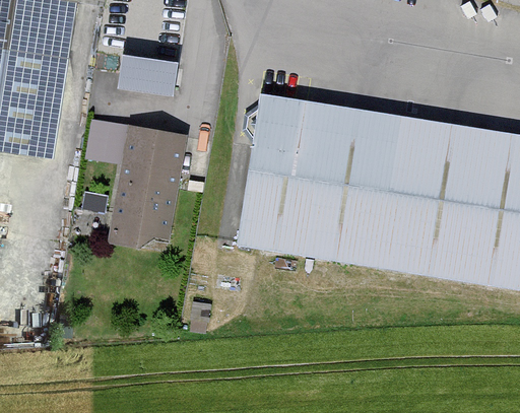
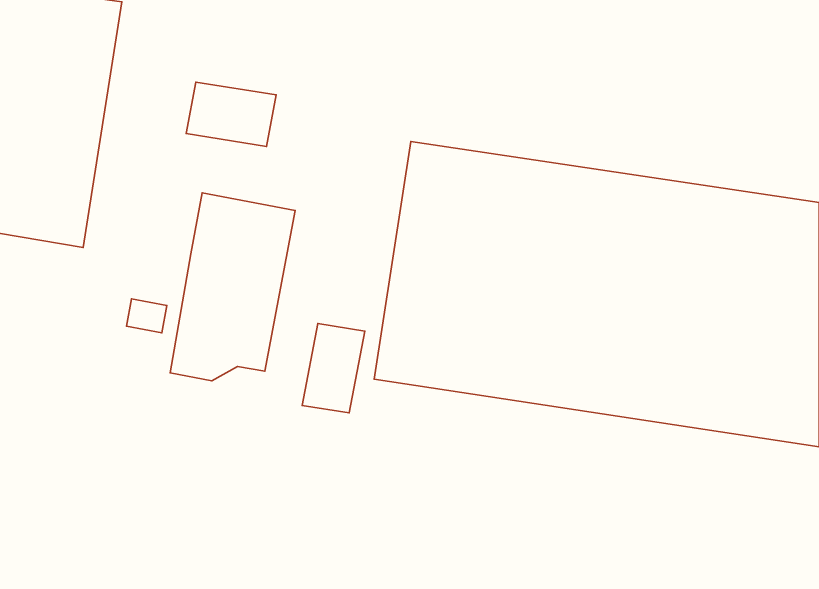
building: [85,121,128,165] -> none
building: none -> [302,324,365,413]

